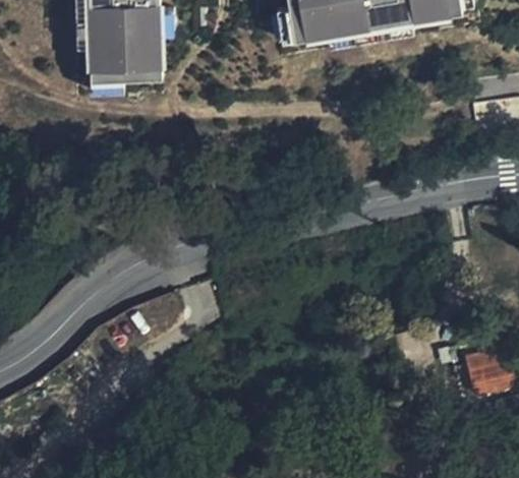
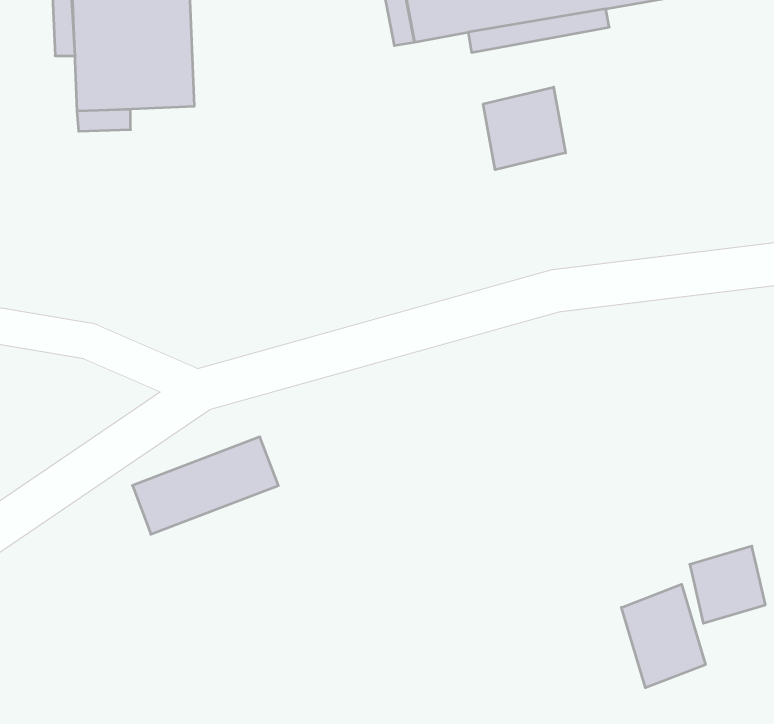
building: none -> [483,87,566,170]
building: none -> [621,584,705,688]

